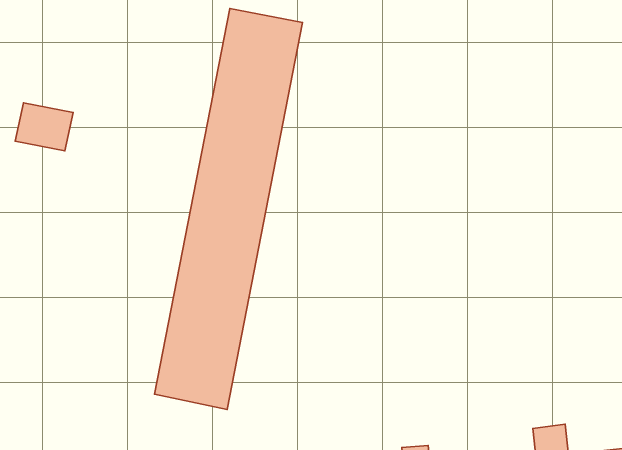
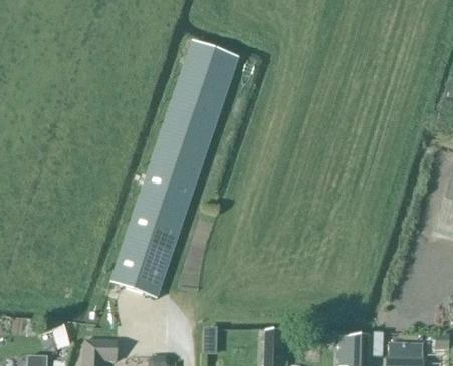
building: [15,103,73,151] -> none

